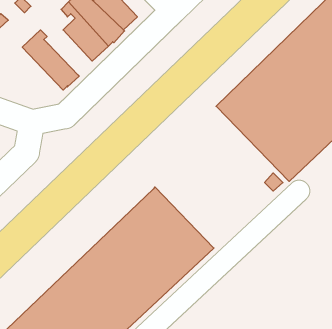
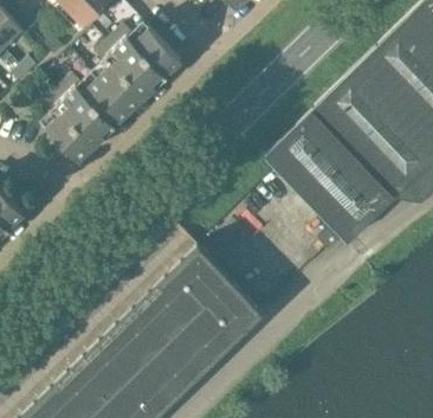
building: none -> [82,75,130,124]
building: none -> [44,94,98,160]

